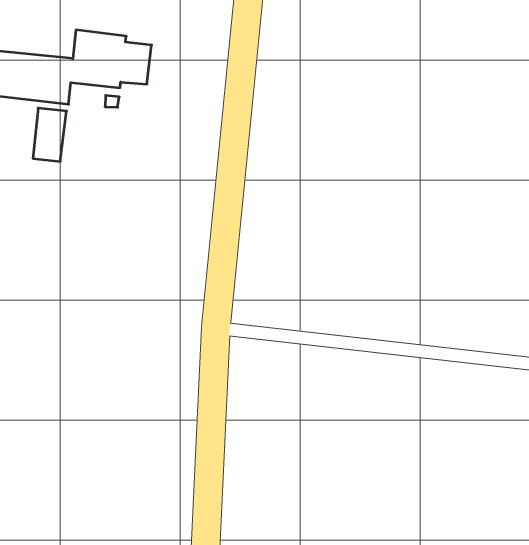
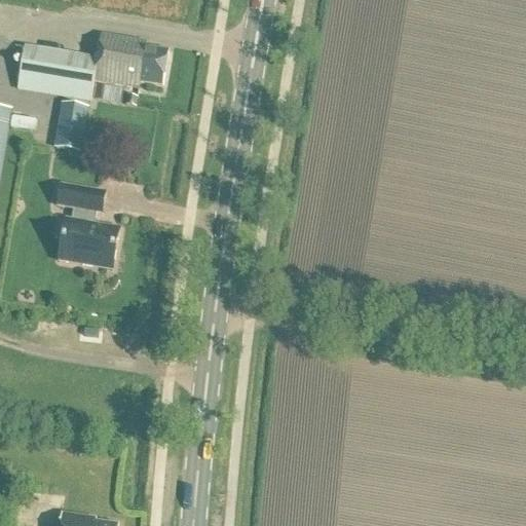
building: none -> [54,183,117,268]

